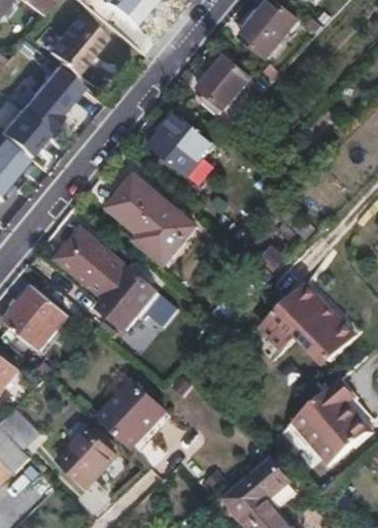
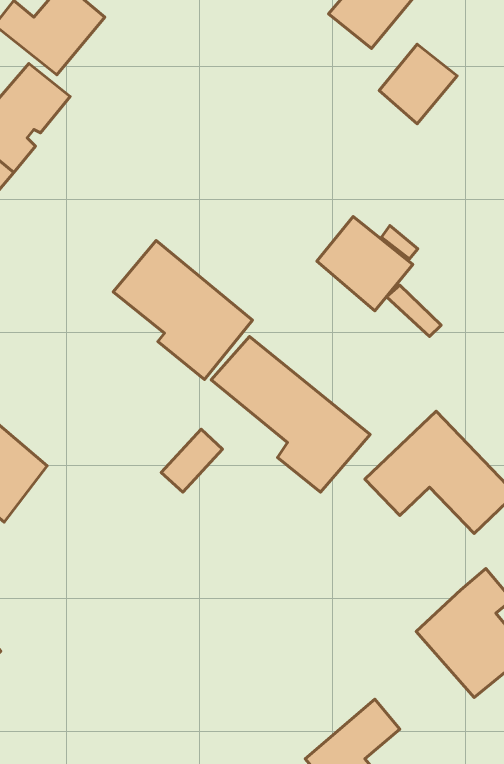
building: [199,58,247,107] -> [379,44,457,124]
building: [150,117,210,175] -> [317,217,413,311]
building: [57,231,156,328] -> [211,337,370,492]
building: [97,384,163,448] -> none
building: [58,426,117,487] -> none

